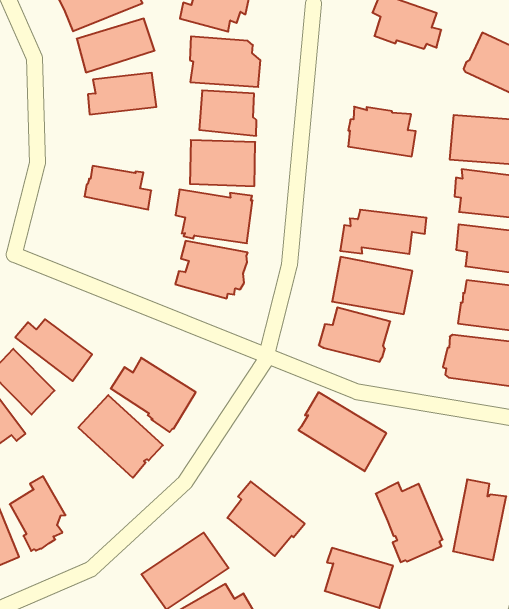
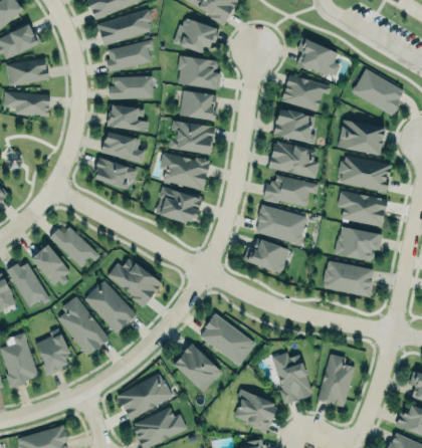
building: none -> [281,73,331,110]
building: none -> [108,104,149,131]
building: none -> [267,141,321,179]
building: none -> [94,156,138,190]
building: [298,392,386,471] -> [199,313,255,367]
building: none -> [56,294,108,354]

